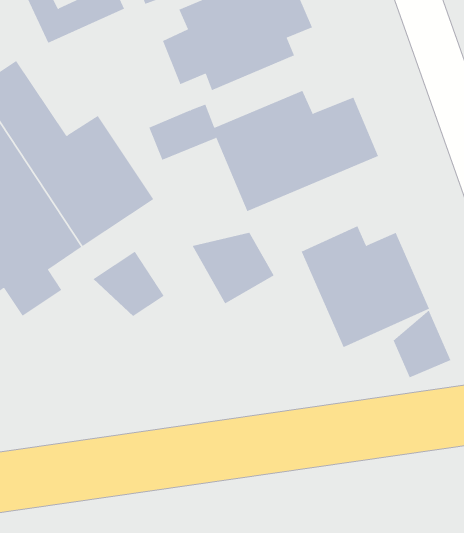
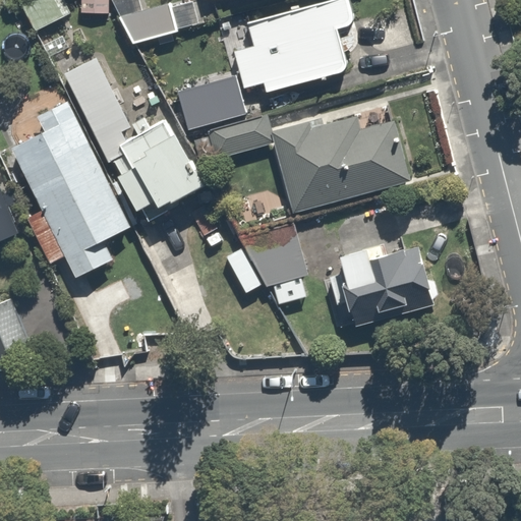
building: none -> [164,84,247,135]
building: [93,251,165,317] -> none
building: [393,309,451,378] -> none

